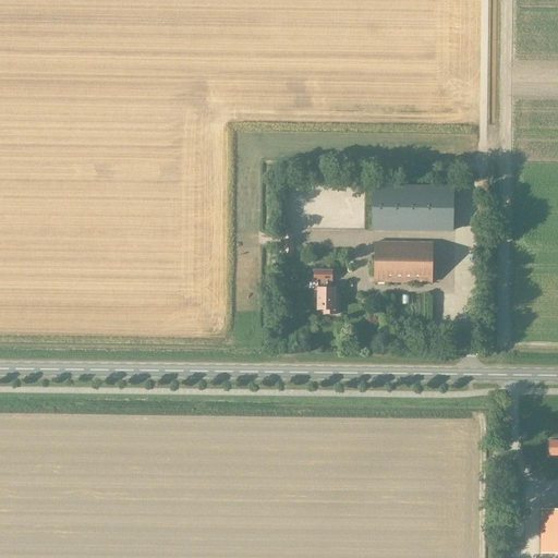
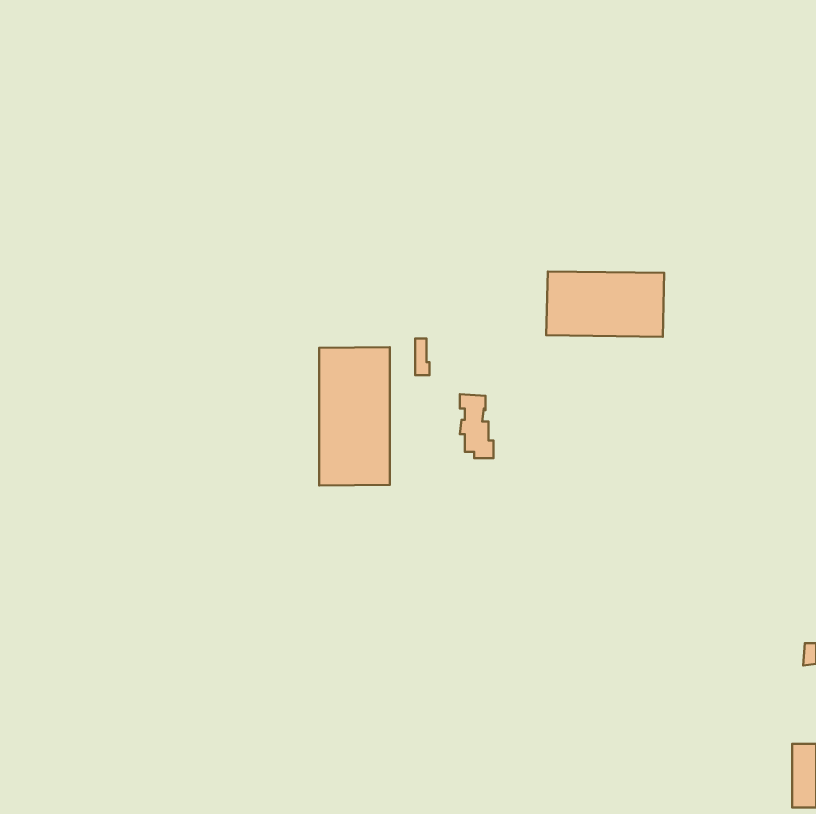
building: none -> [319,347,390,486]
building: [374,241,432,281] -> none

